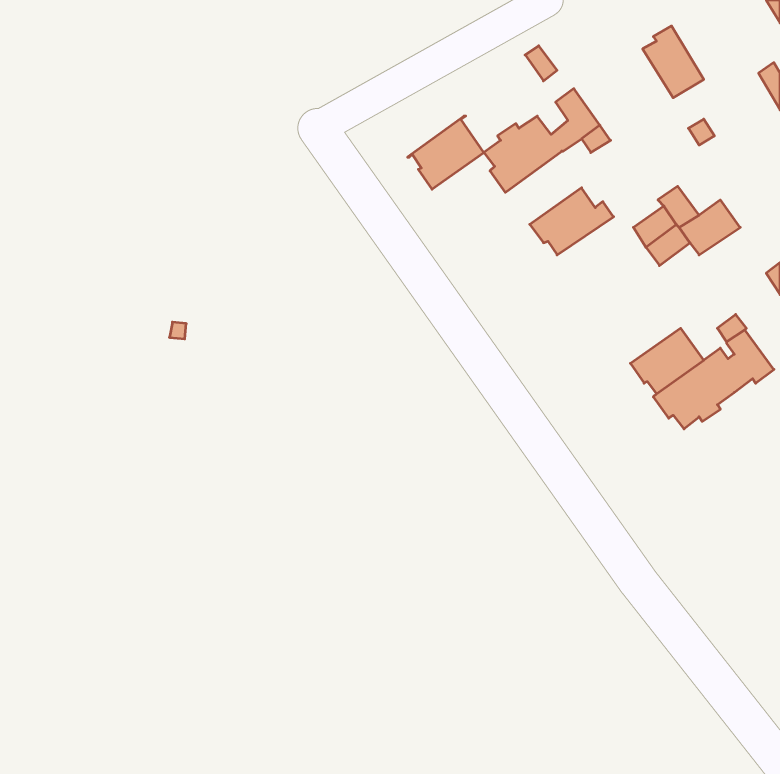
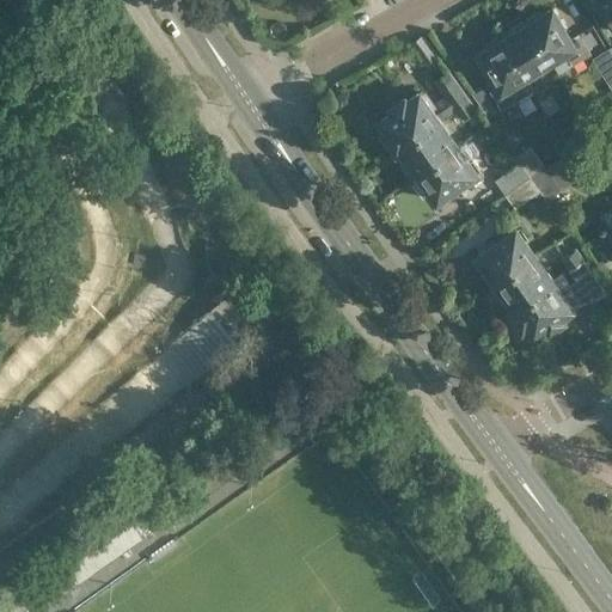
building: none -> [526,13,592,69]
building: none -> [478,42,534,114]
building: [408,116,484,189] -> [396,123,455,180]
building: none -> [478,230,533,289]

